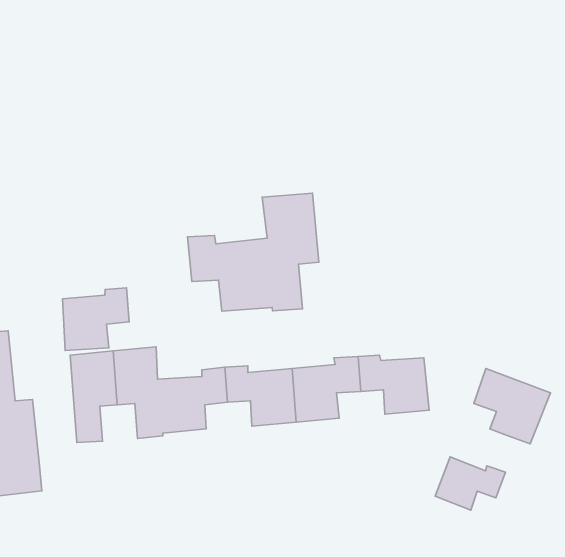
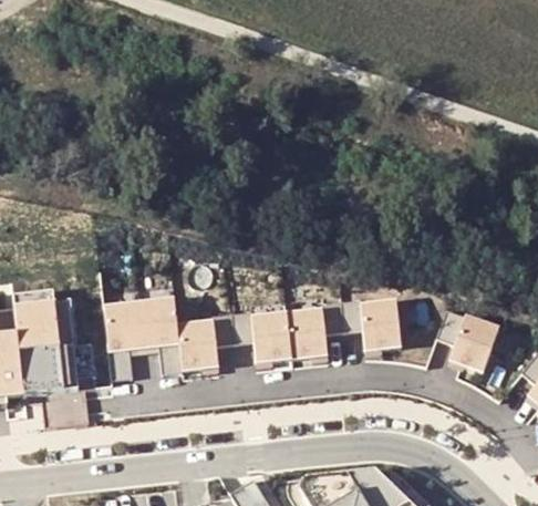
building: [188,193,319,311] -> none
building: [62,288,129,351] -> none
building: [435,457,505,510] -> none

